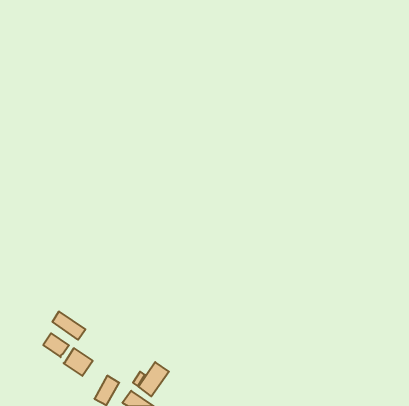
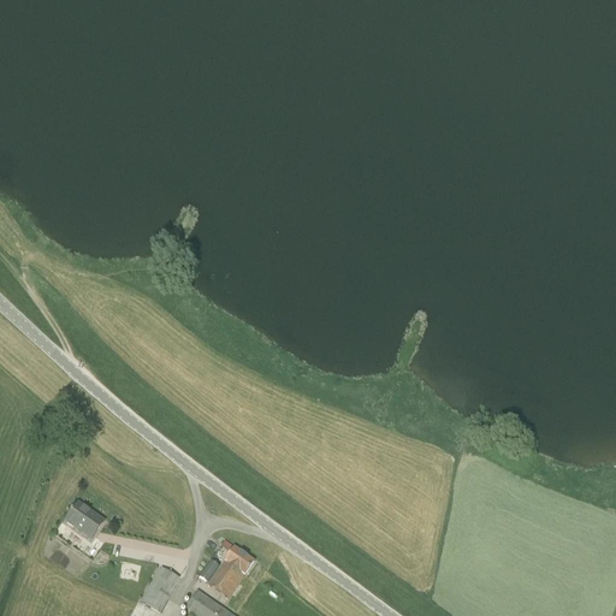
building: [52,311,85,340] -> none
building: [64,348,93,376] -> none

